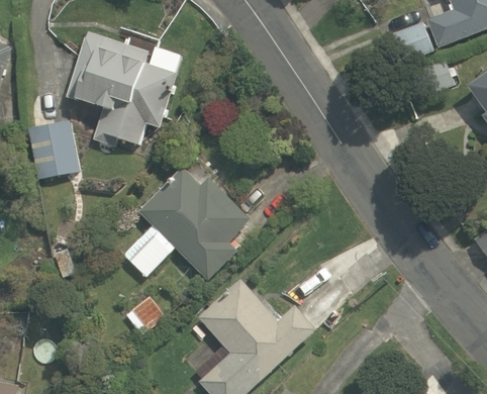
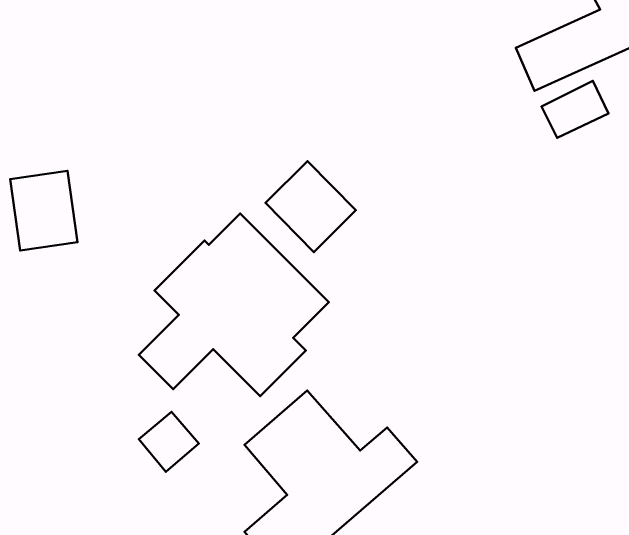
building: [66,23,182,150] -> none
building: none -> [266,161,356,252]

